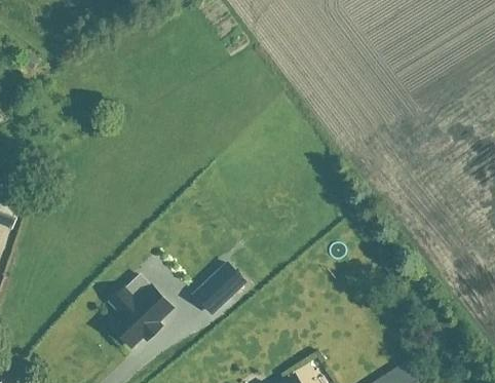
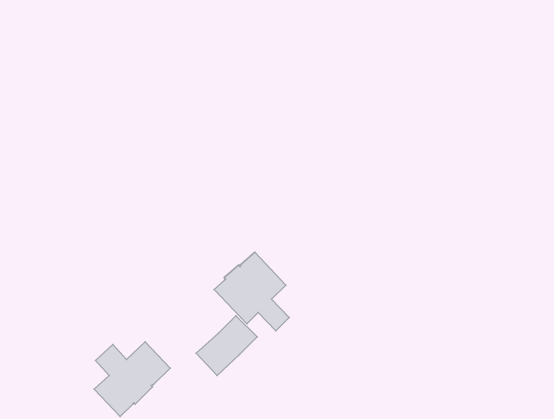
building: none -> [214,252,289,331]

